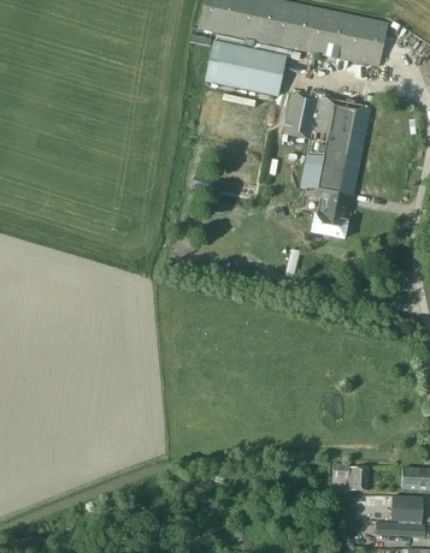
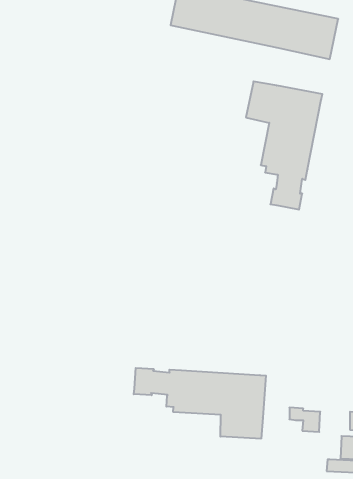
building: [205,41,287,96] -> none
building: none -> [134,368,266,439]

